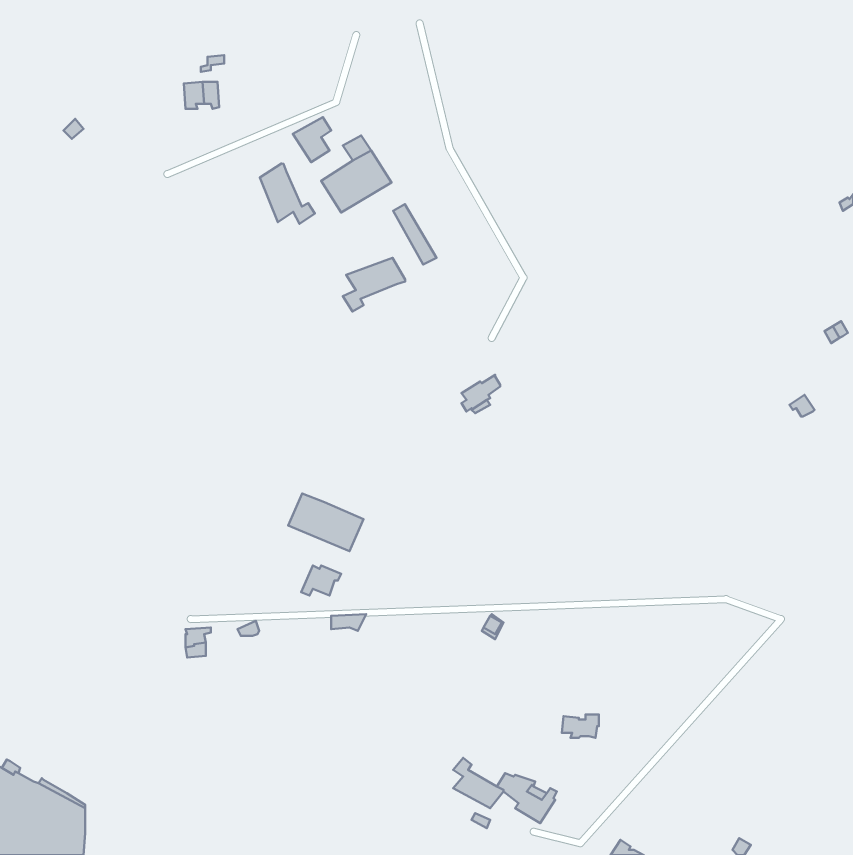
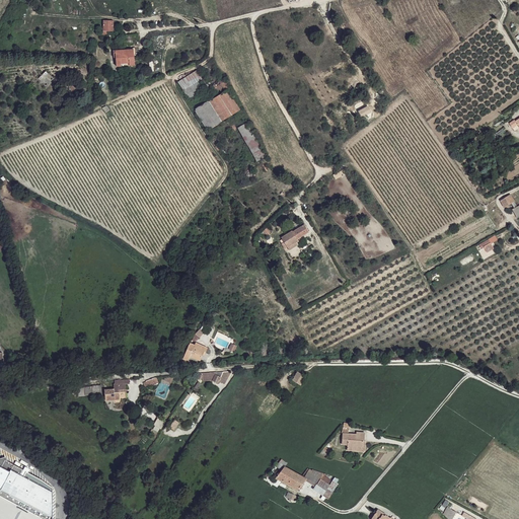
building: [260,164,315,224] -> none
building: [343,258,405,312] -> none
building: [288,494,364,551] -> none

